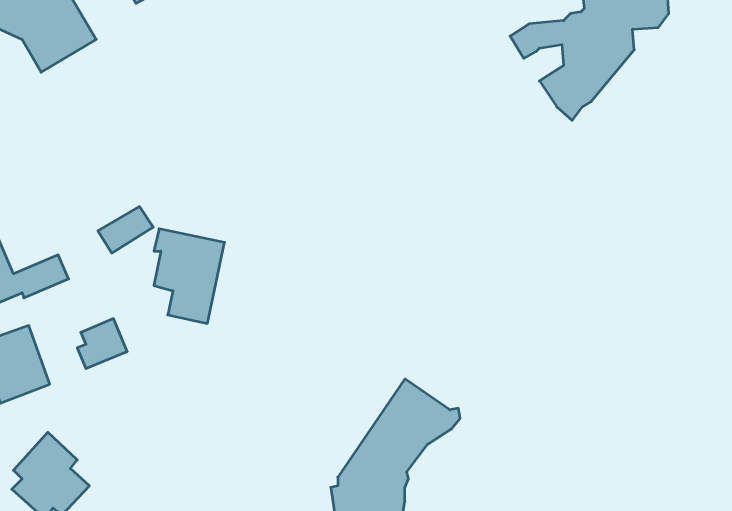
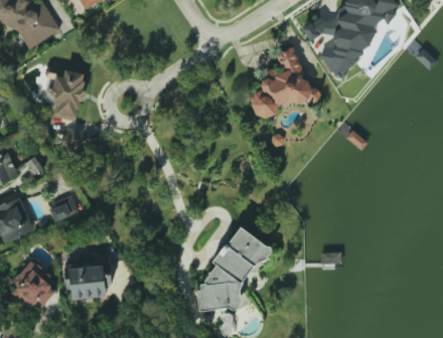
building: none -> [249,45,316,118]
building: [154,229,225,323] -> [44,65,86,121]
building: none -> [65,264,111,300]

